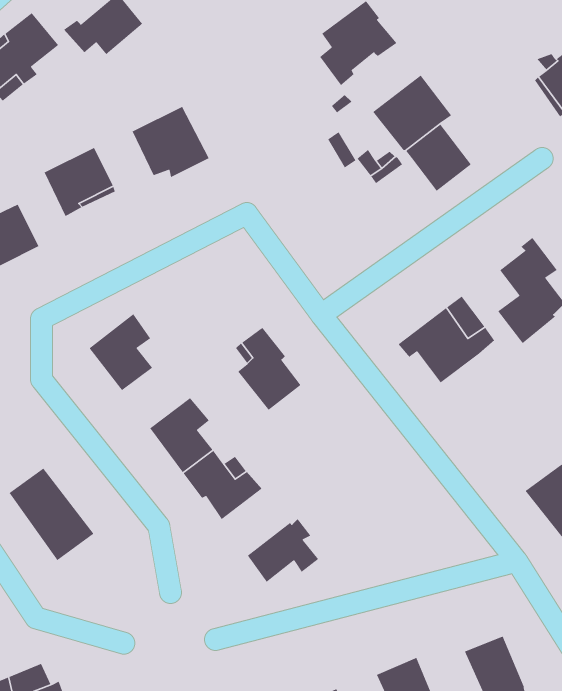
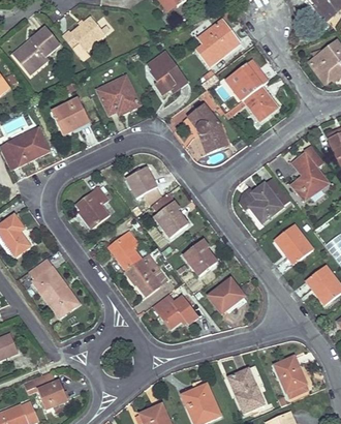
building: none -> [148,52,188,95]
building: none -> [187,103,228,154]
building: none -> [127,168,156,198]
building: none -> [275,224,313,264]
building: none -> [183,240,217,276]
building: none -> [209,279,244,313]

